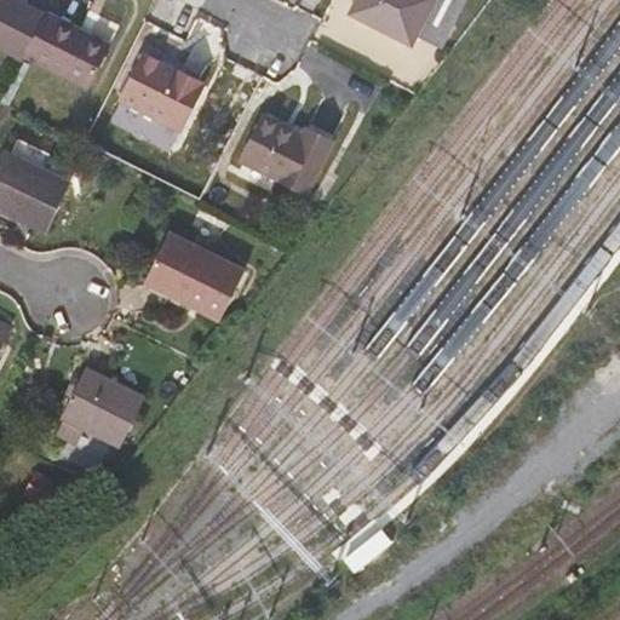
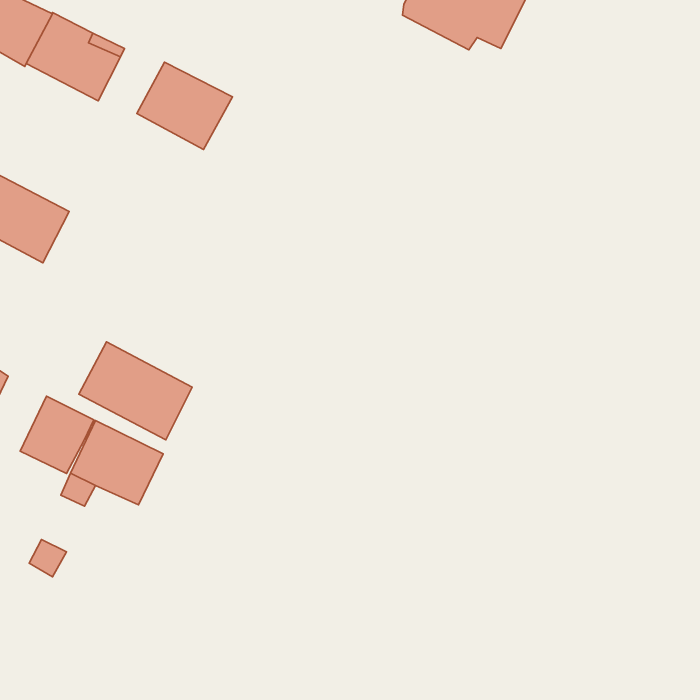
building: [241,120,332,196] -> none
building: [142,232,241,318] -> [79,342,192,440]
building: none -> [20,396,94,474]

